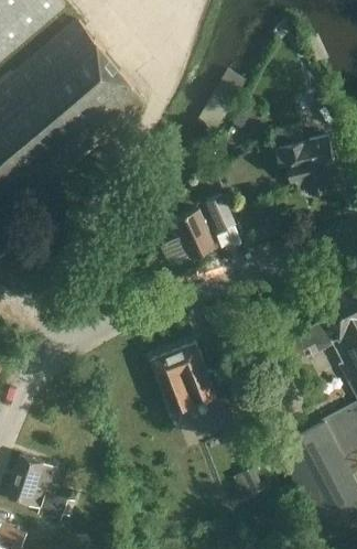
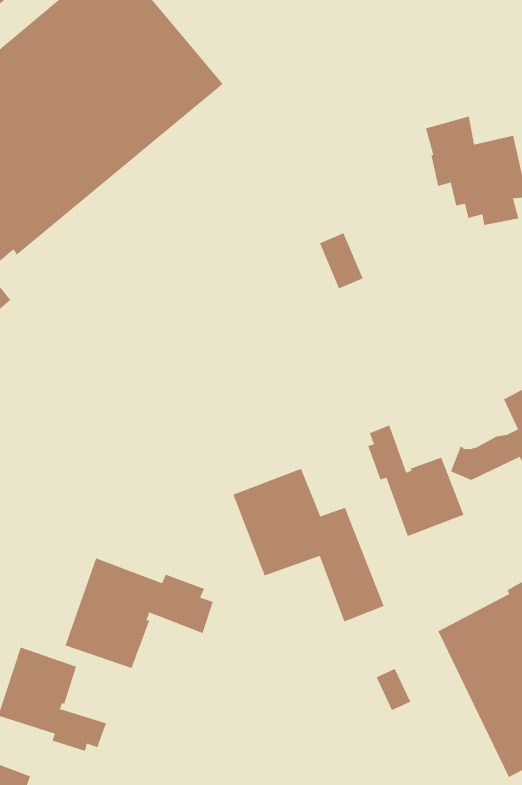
building: [170,209,215,260] -> none
building: none -> [367,424,464,537]
building: none -> [65,557,214,669]

